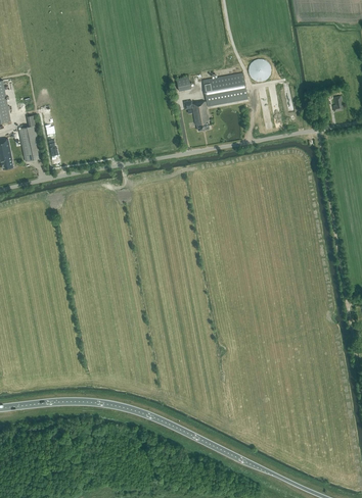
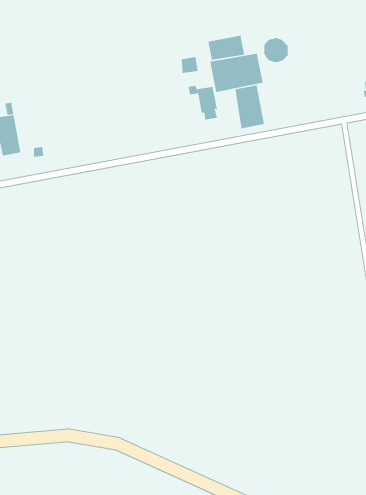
building: none -> [208,35,245,60]
building: none -> [235,84,265,129]

